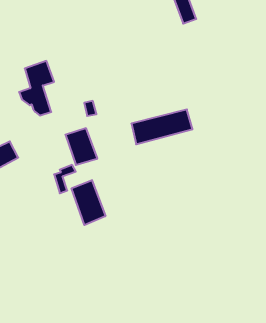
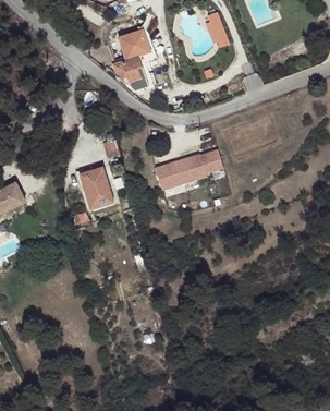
building: [19,61,54,116] -> [114,26,155,89]
building: [72,180,105,225] -> none

